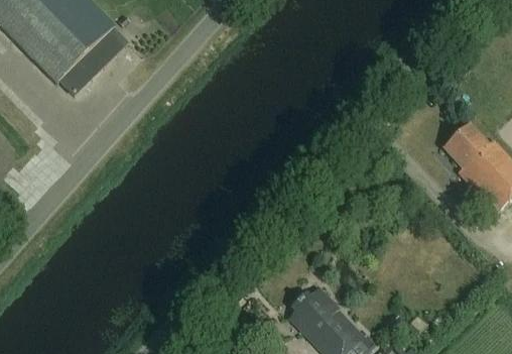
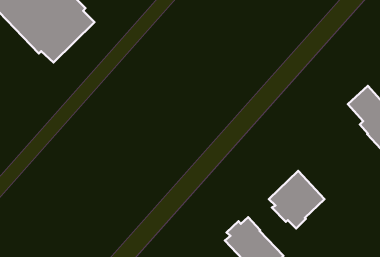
building: none -> [269,171,325,228]

